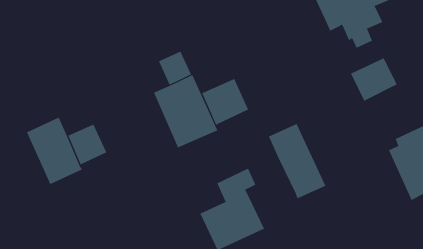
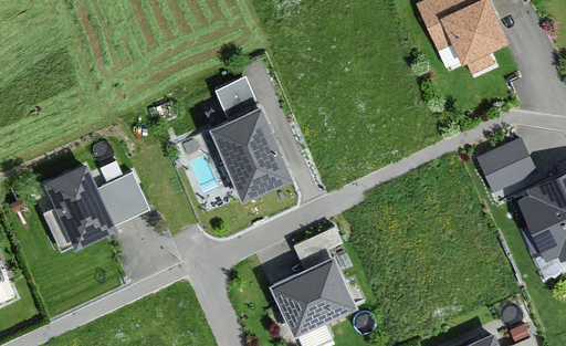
building: [350,57,398,102] -> [476,135,538,192]
building: [201,78,249,126] -> none
building: [268,123,326,199] -> none

